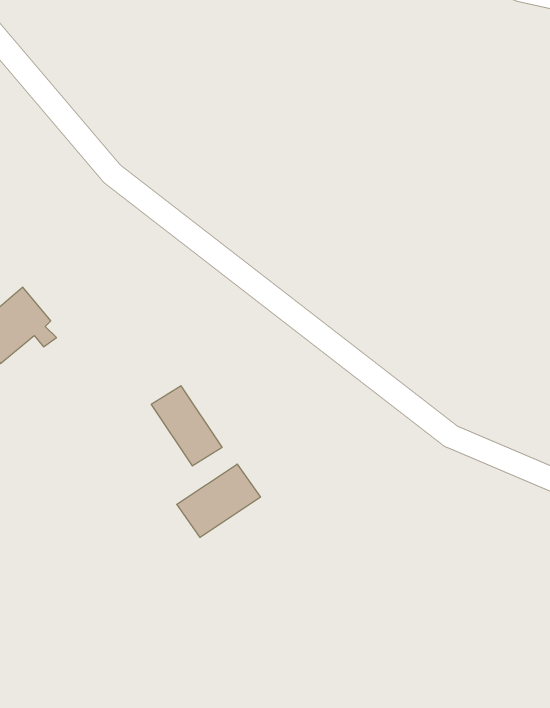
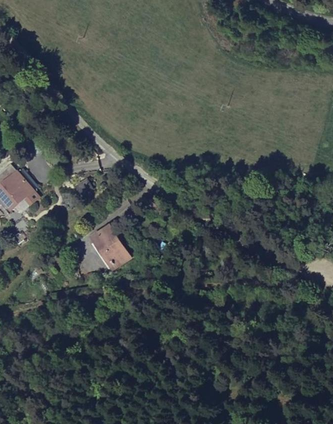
building: [177,464,260,537] -> none

